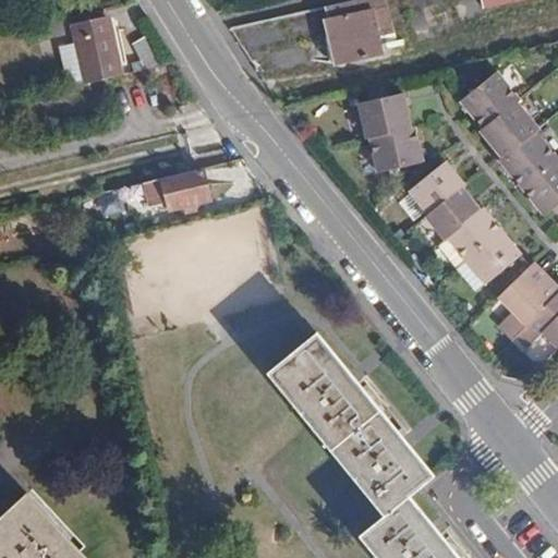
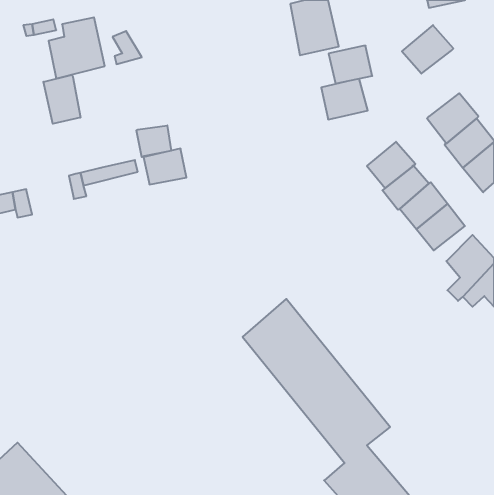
building: [460,77,518,132] -> [402,25,453,74]
building: none -> [43,75,80,124]
building: [374,125,423,168] -> [329,46,372,84]
building: none -> [136,125,171,157]

